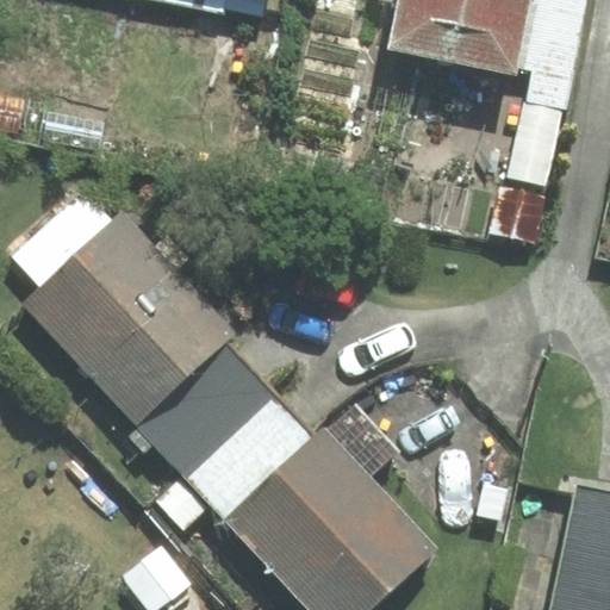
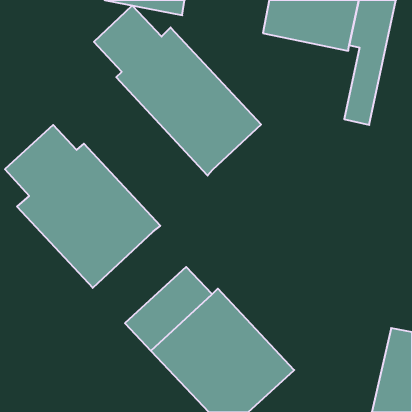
building: none -> [94,5,261,176]
building: [137,342,275,478] -> none

